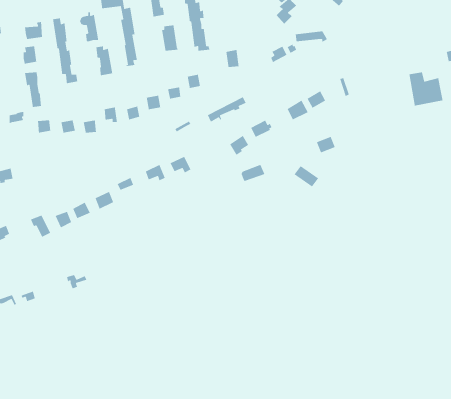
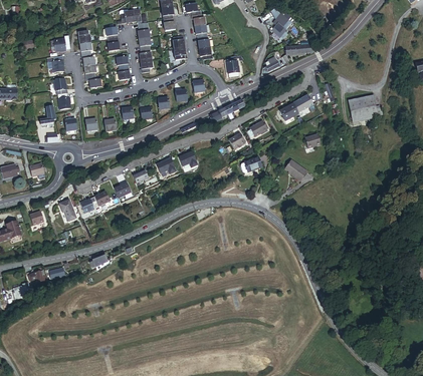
building: [408,71,444,107] -> [348,90,378,120]

